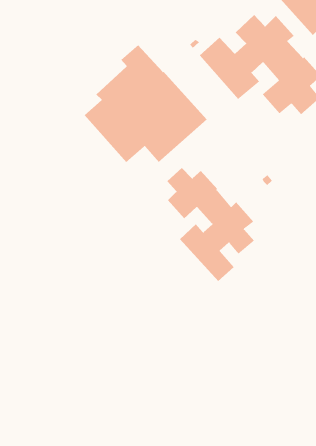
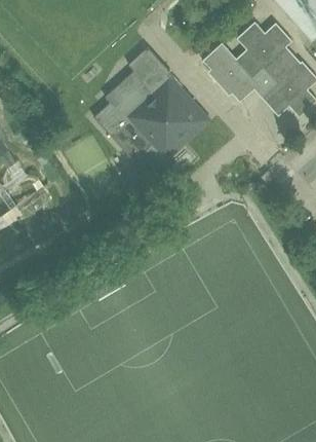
building: [166,167,255,282] -> none

